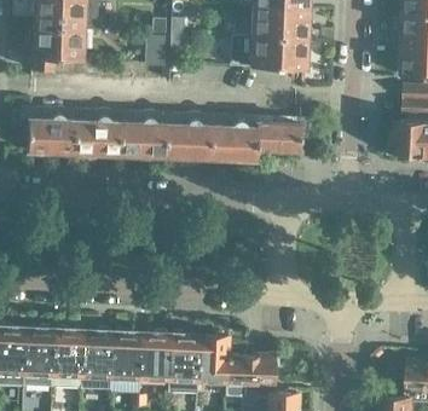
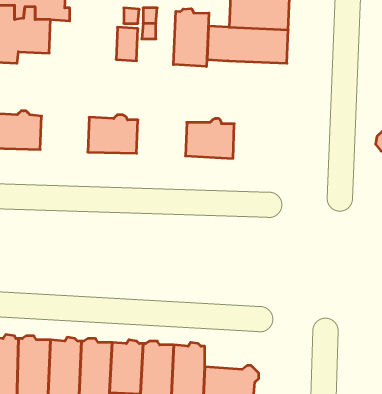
building: none -> [173,9,209,67]
building: [74,116,120,154] -> none
building: [164,121,212,157] -> none
building: [255,122,301,160] -> none

